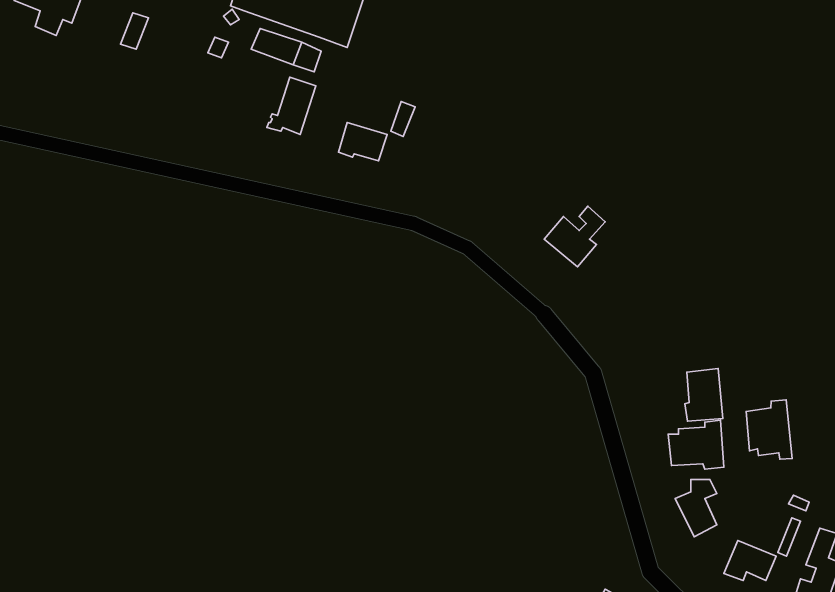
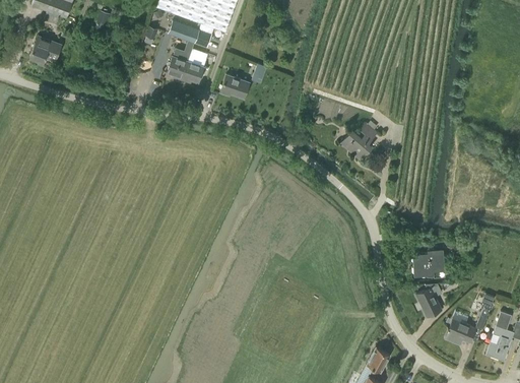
building: none -> [29,37,58,62]
building: none -> [167,47,192,78]
building: [685,369,723,421] -> none
building: [746,400,792,459] -> none

